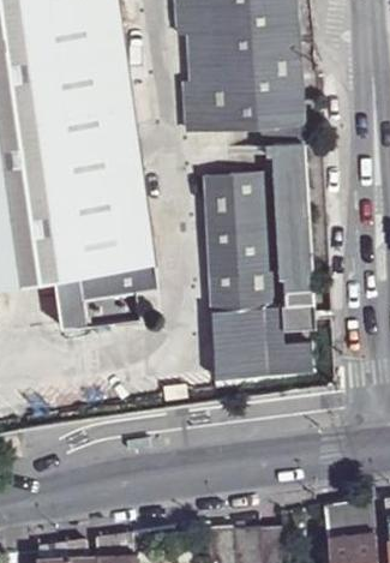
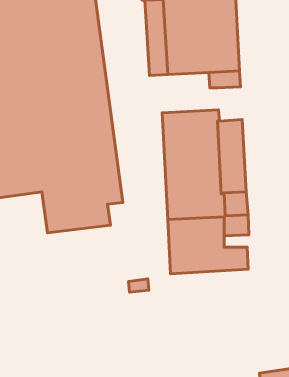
building: [275,143,306,186] -> none

